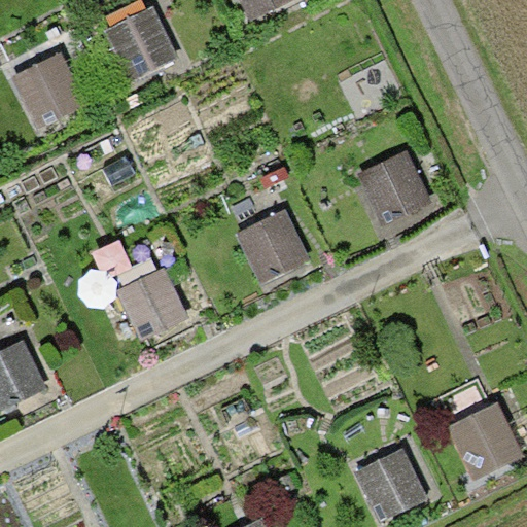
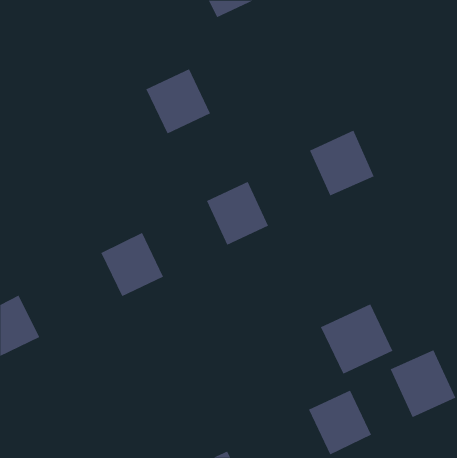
building: [103,6,178,81] -> [146,69,211,134]
building: [11,52,86,130] -> none
building: none -> [320,304,393,374]

